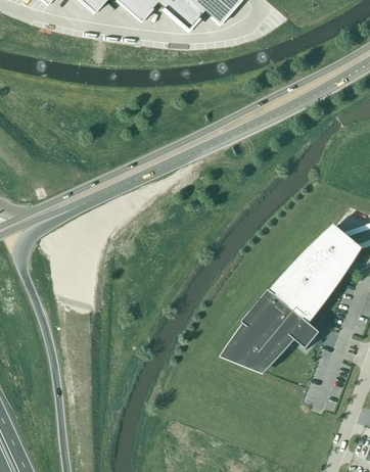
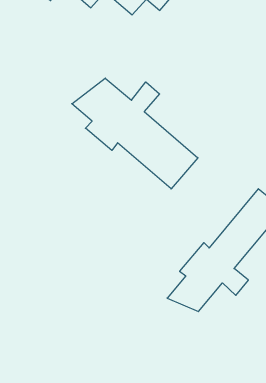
building: none -> [72,78,198,189]

